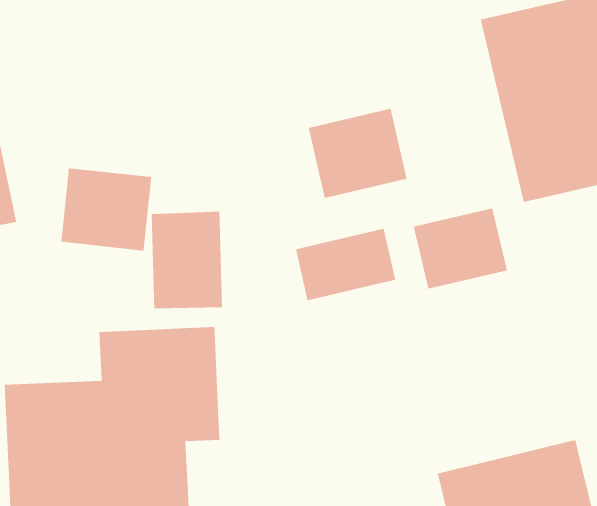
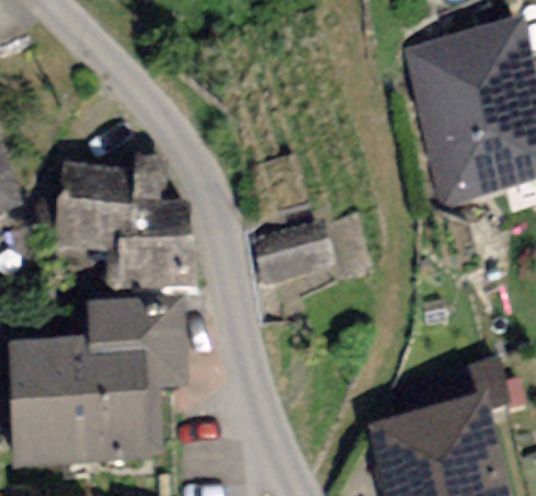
building: [308,108,408,199] -> none
building: [413,207,508,290] -> none

